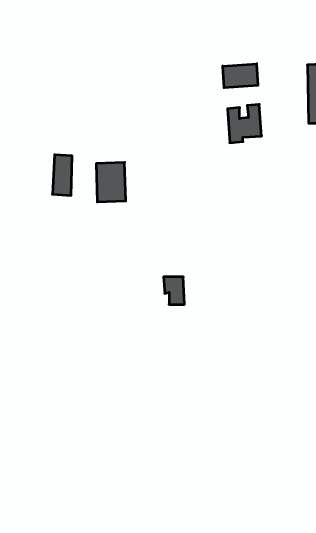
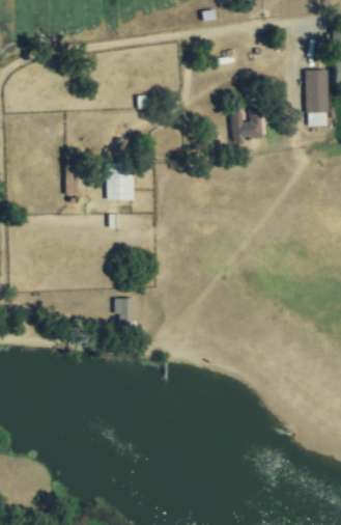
building: [223,64,258,88] -> none
building: [164,277,184,304] -> [114,299,134,325]

